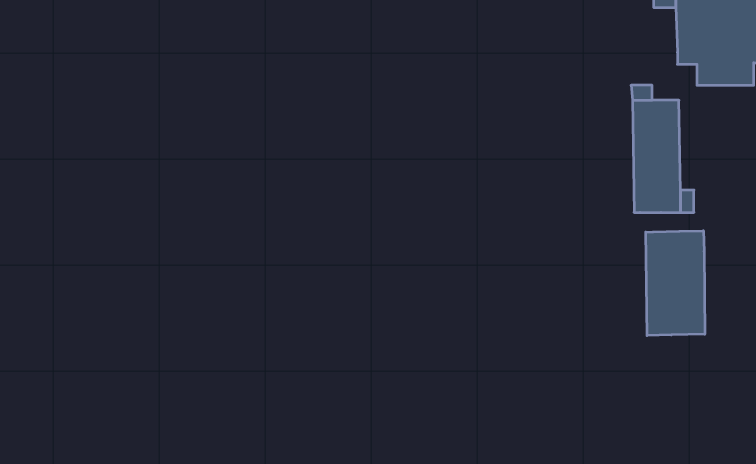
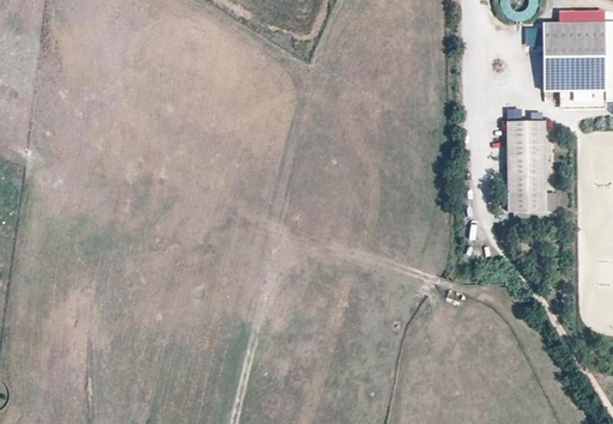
building: [646,231,705,336] -> none

